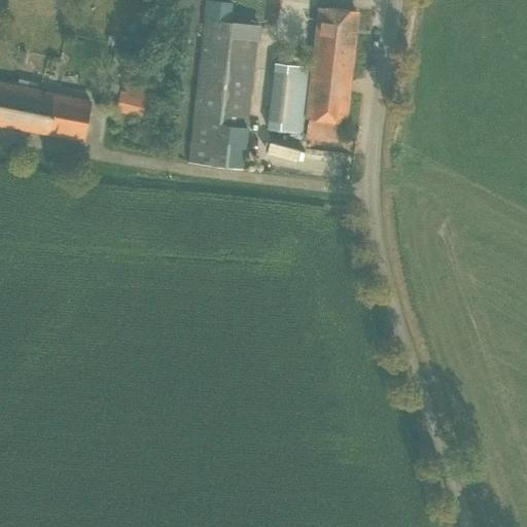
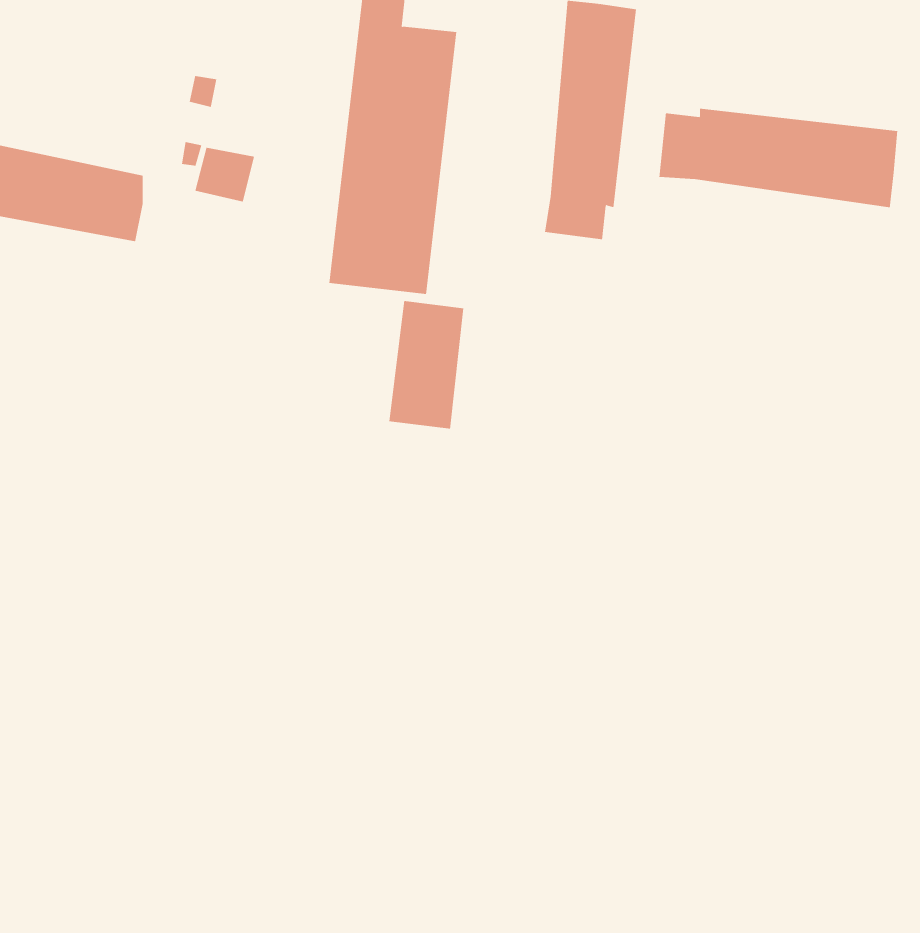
building: [268,63,309,133] -> [388,301,464,429]
building: none -> [659,108,898,208]

